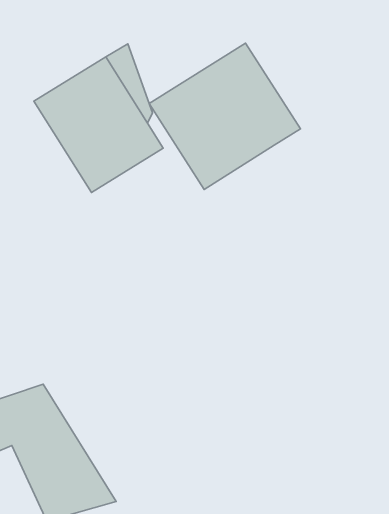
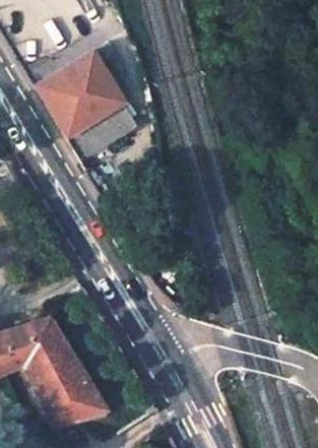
building: [149,43,300,189] -> none

